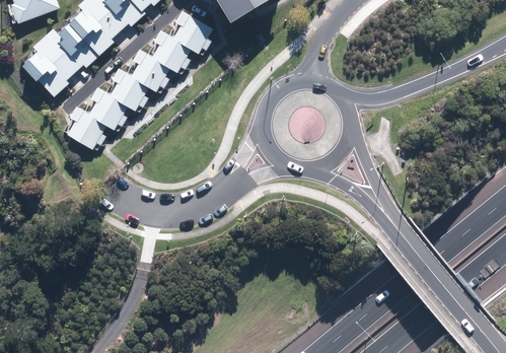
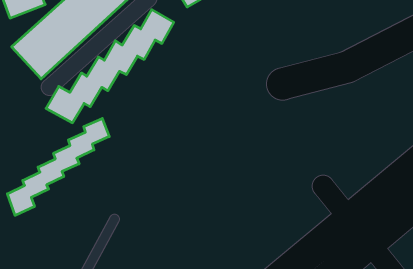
building: none -> [7,118,109,215]

